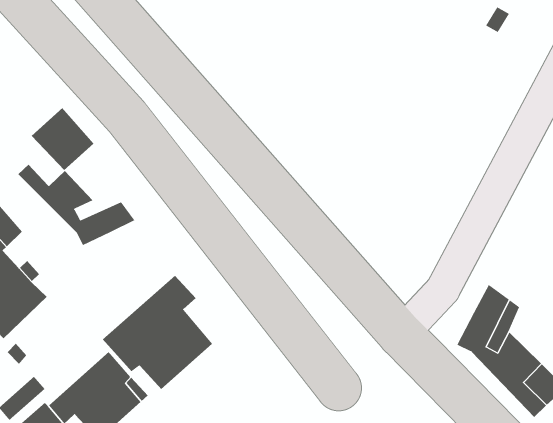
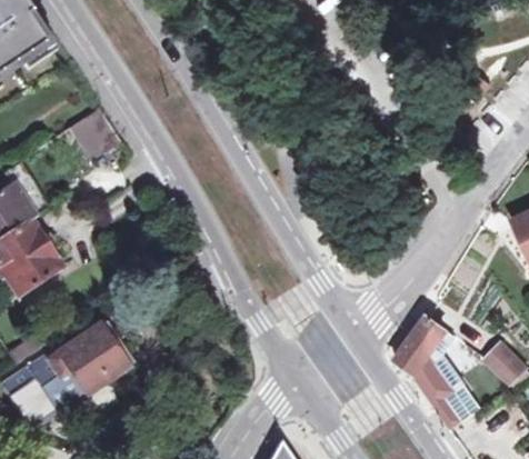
building: [18,164,135,246] -> none
building: [102,275,213,390] -> none

